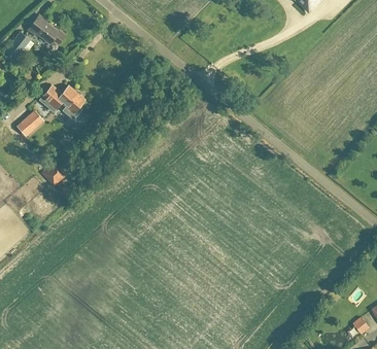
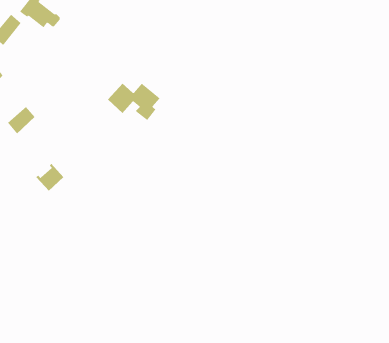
building: [39,85,85,118] -> [107,83,160,121]

